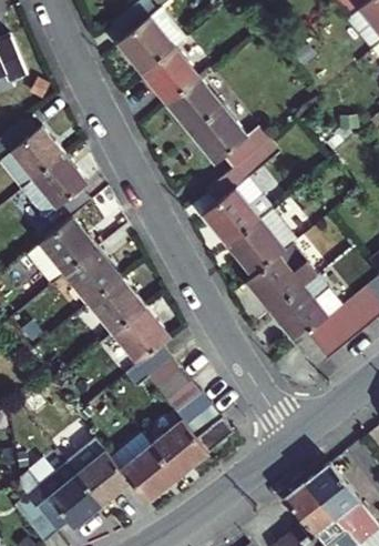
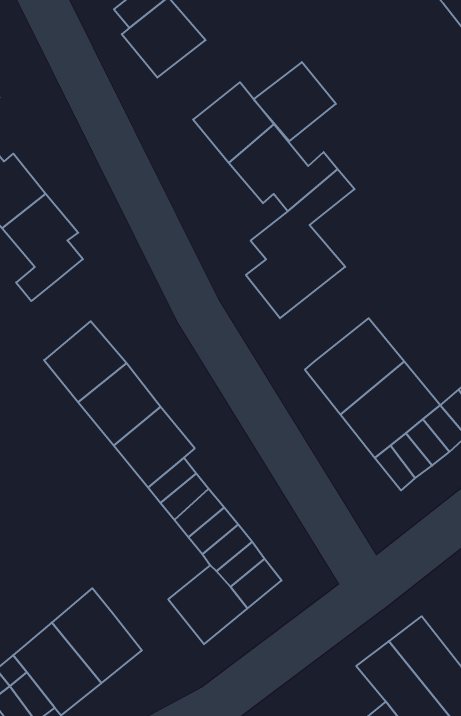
building: [141,46,199,102] -> [254,62,336,141]
building: [228,208,298,275] -> none
building: [35,216,93,274] -> none
building: [109,432,174,501] -> none

